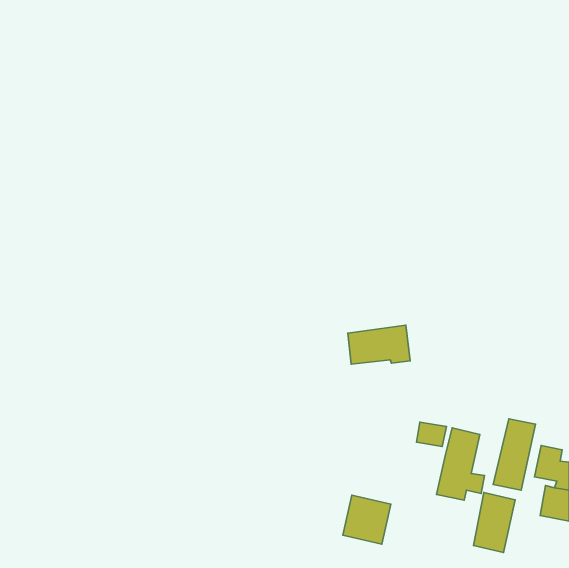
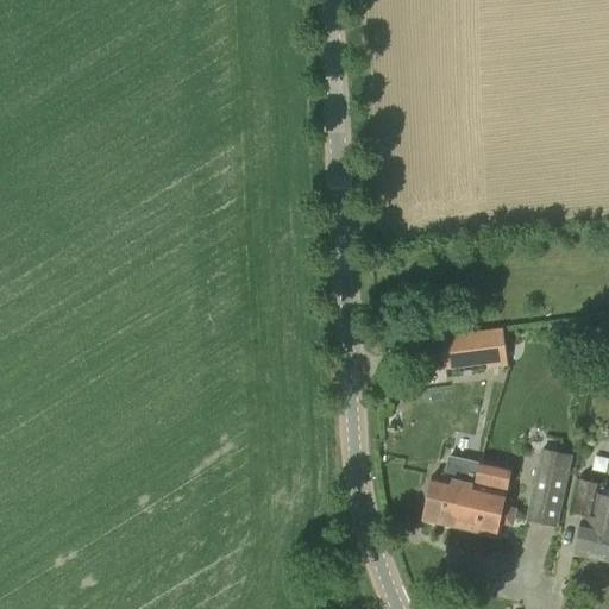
building: [348,325,410,364] -> [440,329,507,371]
building: [473,492,515,552] -> none
building: [343,495,391,544] -> [425,477,476,529]

